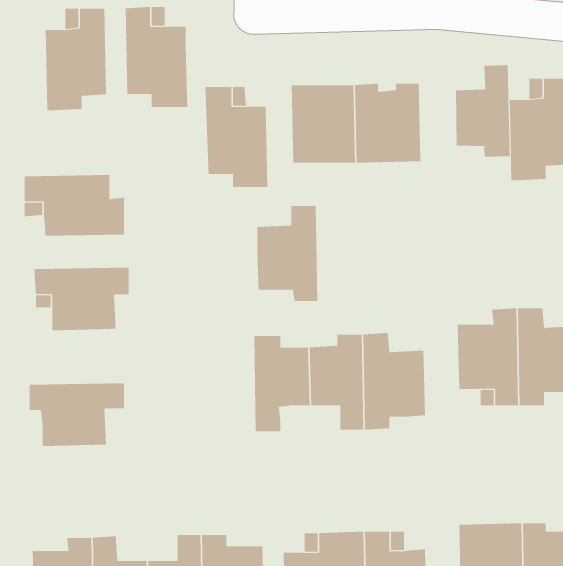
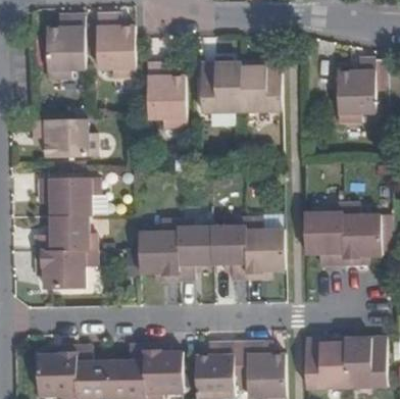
building: [456,64,510,158] -> none
building: [256,206,318,302] -> [139,220,178,281]
building: none -> [35,216,96,251]

